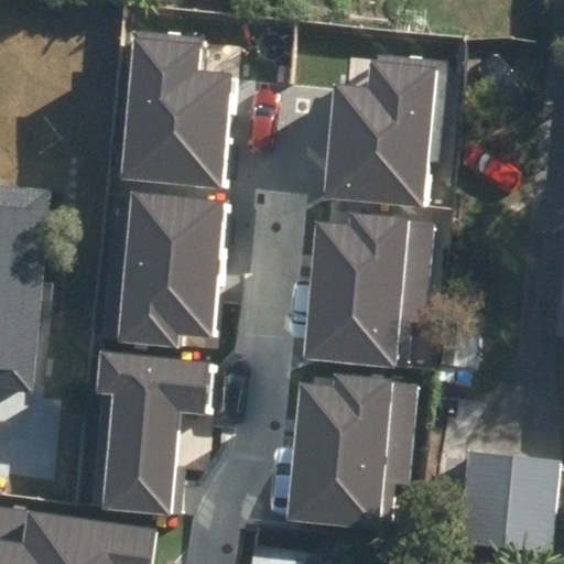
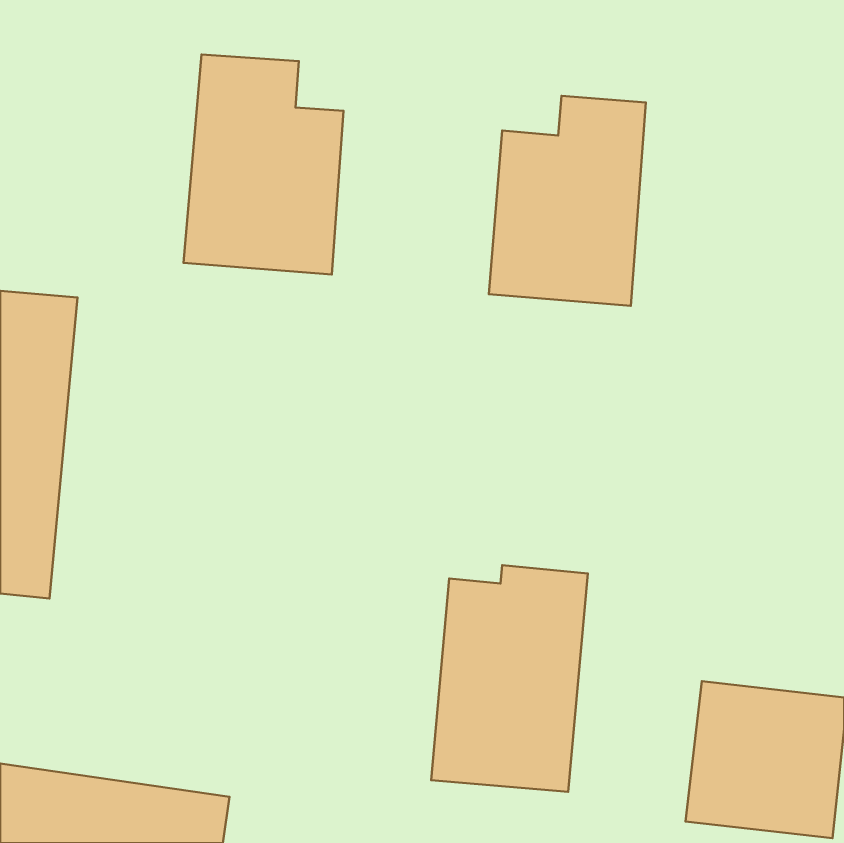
building: [118,193,221,343] -> none
building: [304,216,408,367] -> none
building: [97,349,210,516] -> none

